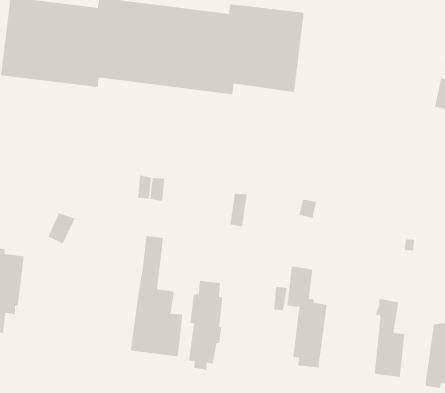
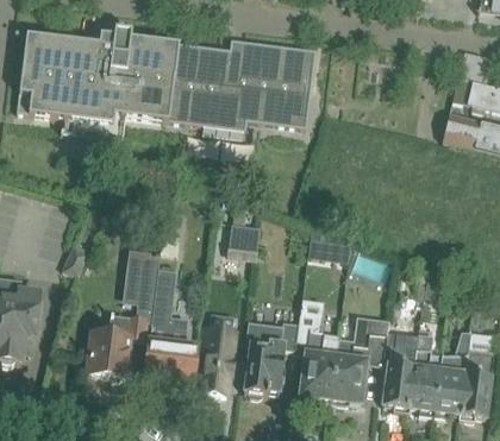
building: none -> [86,251,161,378]
building: none -> [330,316,389,399]
building: none -> [244,320,283,396]
building: none -> [410,332,442,415]

